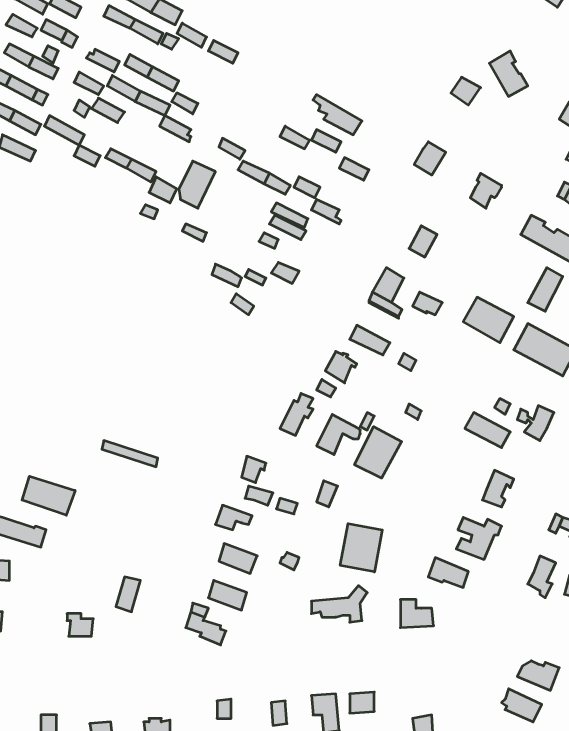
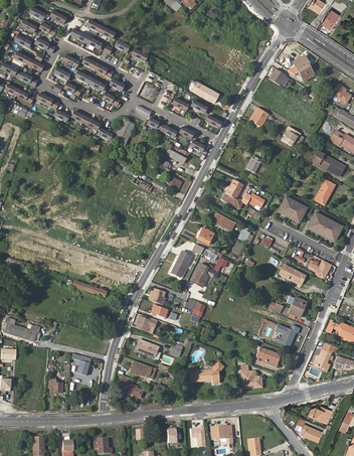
building: [355,427,402,478] -> none
building: [22,476,75,515] -> none
building: [340,524,382,572] -> none

